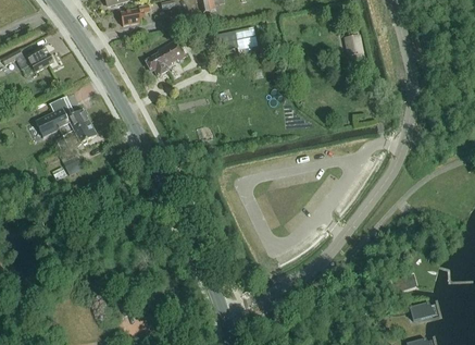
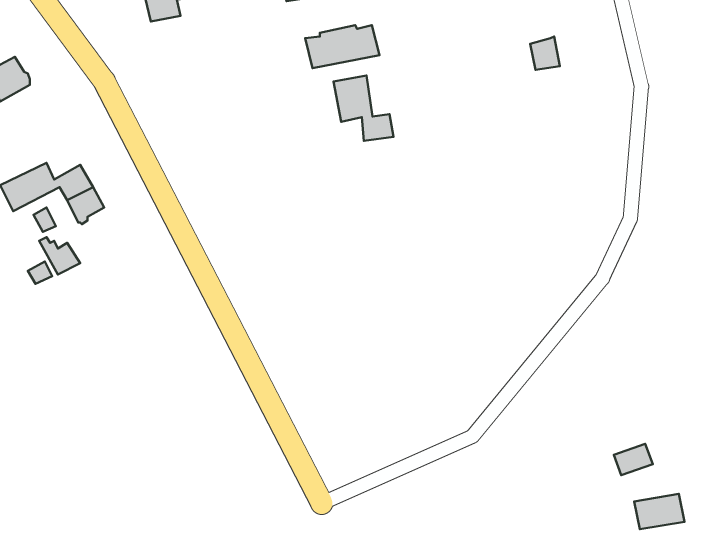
building: [146,40,186,76] -> none
building: none -> [333,76,393,141]

